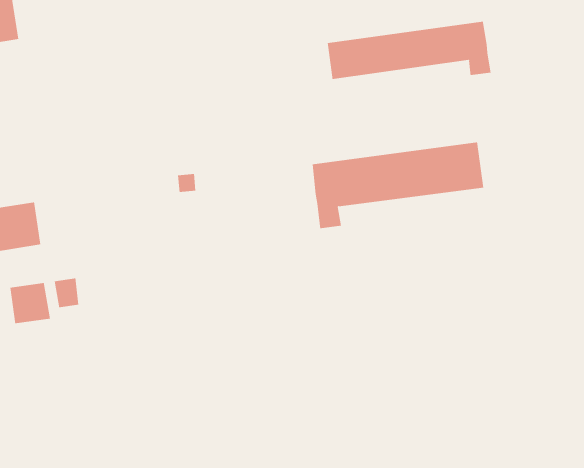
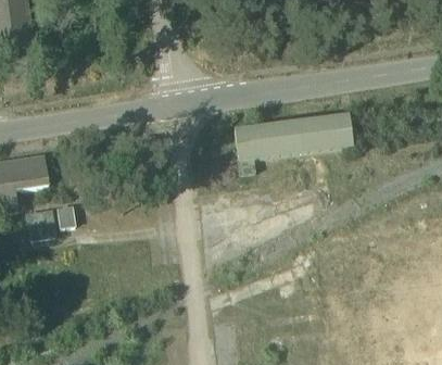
building: [327,21,491,80] -> none

